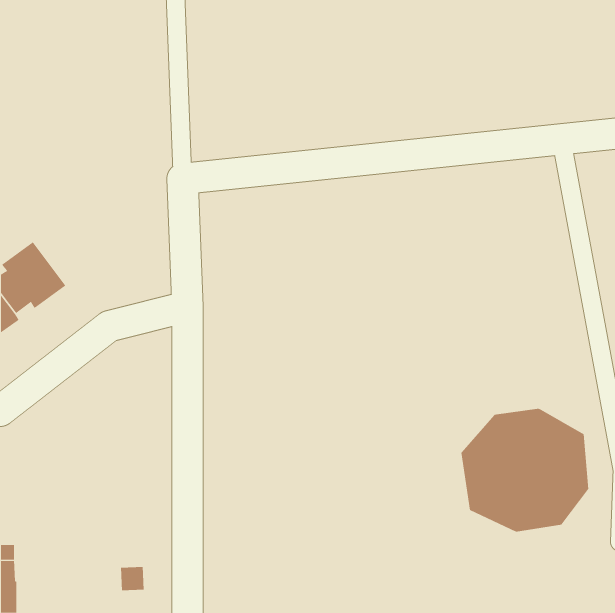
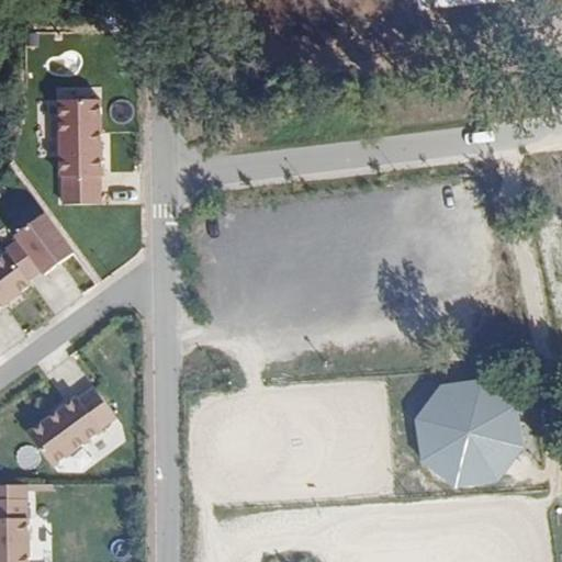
building: none -> [54,102,94,206]
building: none -> [24,390,113,469]

